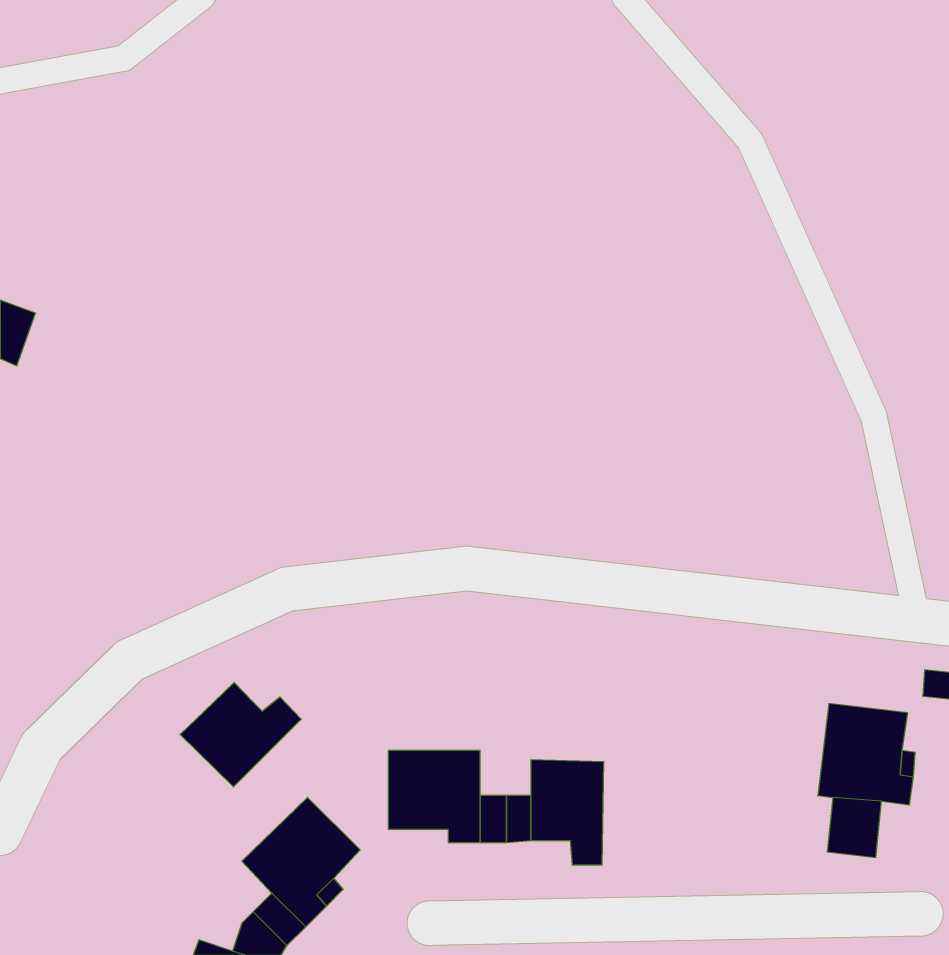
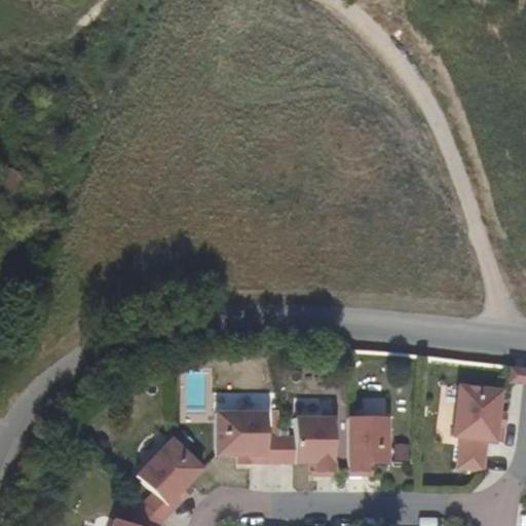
building: [180,682,301,787] -> none
building: none -> [349,416,389,475]

